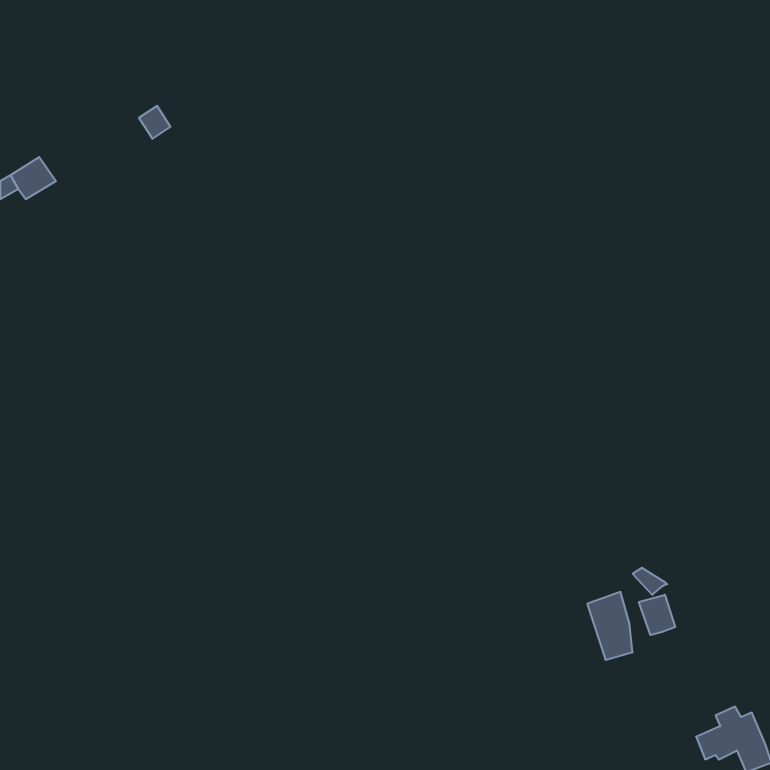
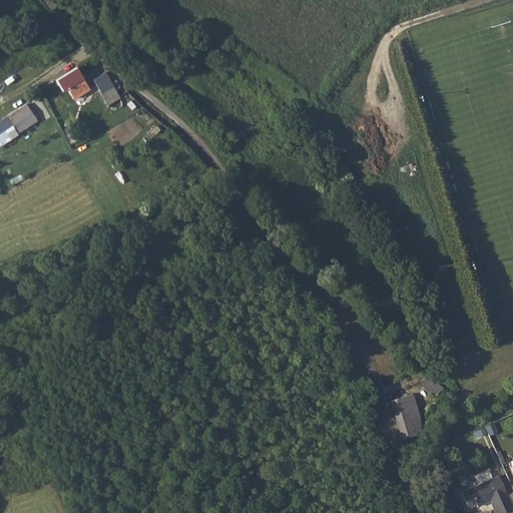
building: none -> [57,68,91,99]
building: [639,595,675,635] -> none

